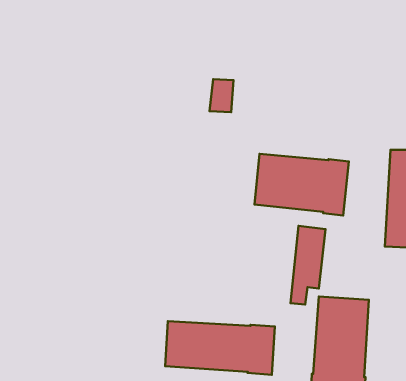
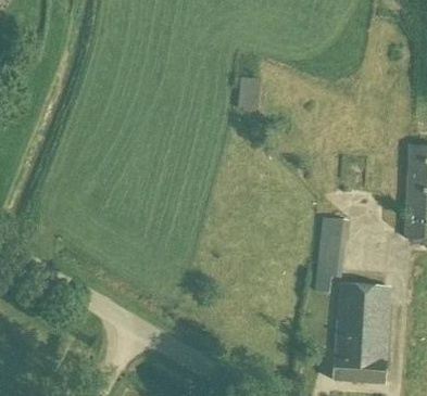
building: [255,154,349,215] -> none
building: [165,321,275,375] -> none

